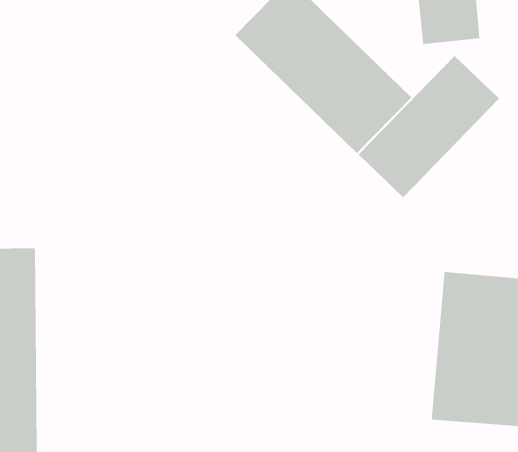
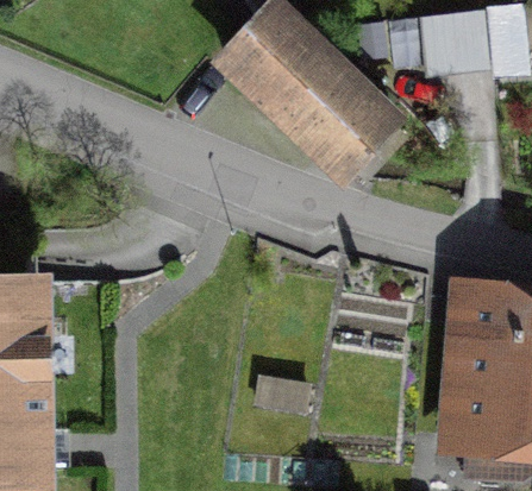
building: [358,55,500,198] -> none

